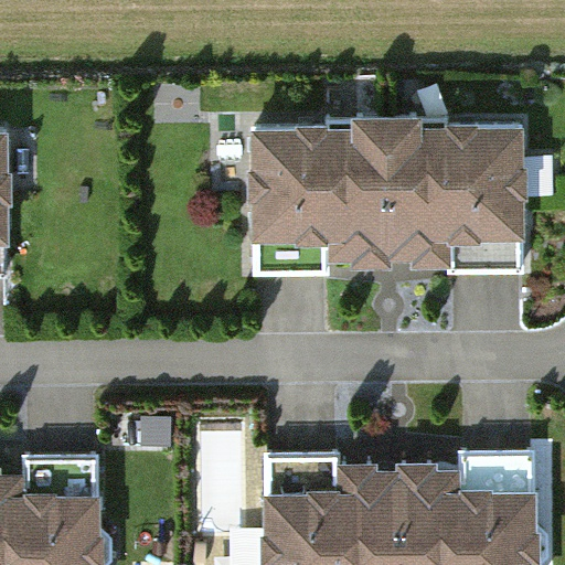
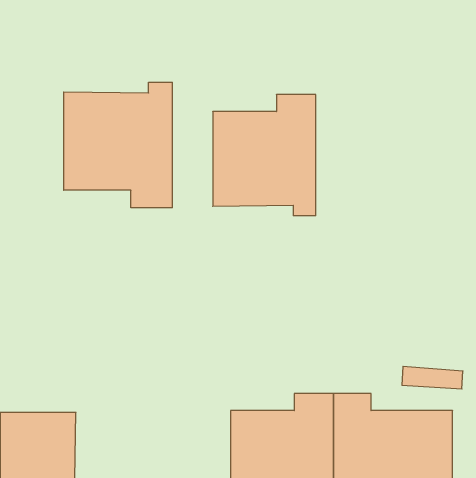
building: none -> [64,82,172,208]
building: [375,113,515,255] -> none

